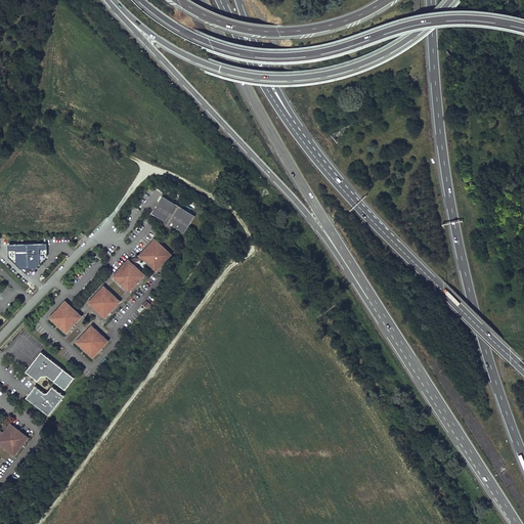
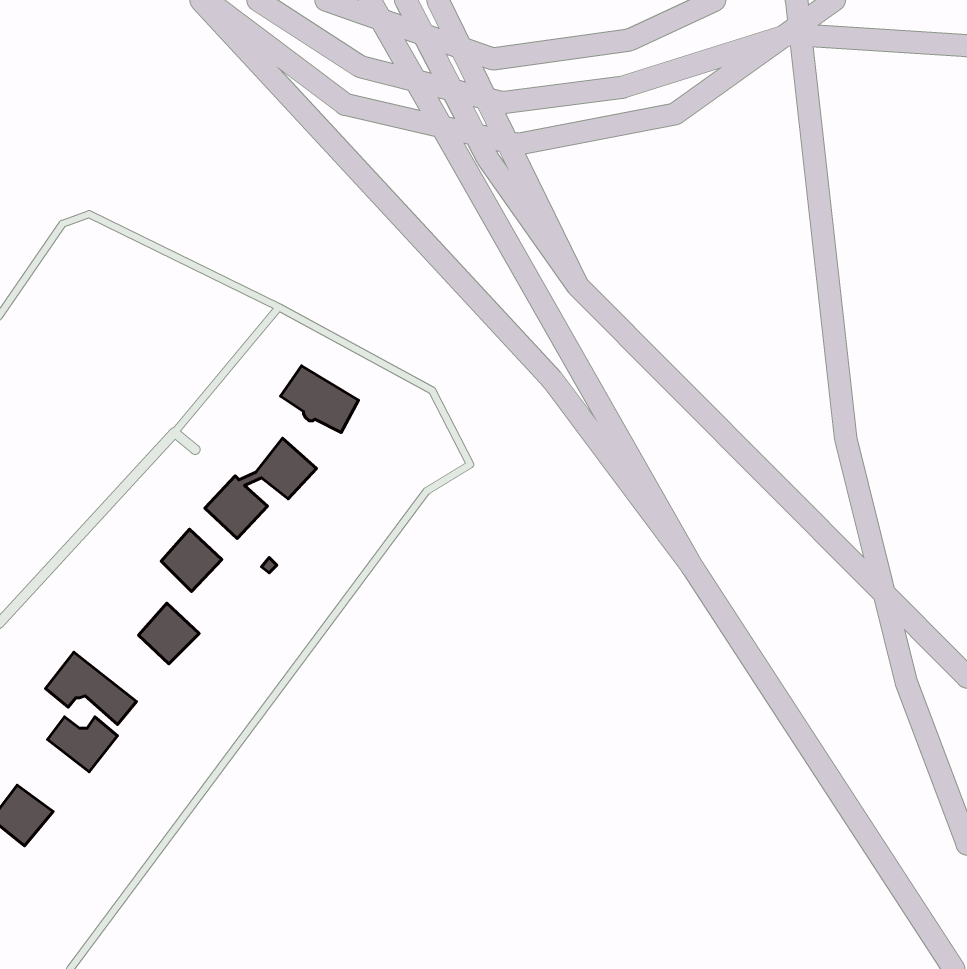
building: [7,243,47,268] -> none
building: [48,301,81,334] -> none

